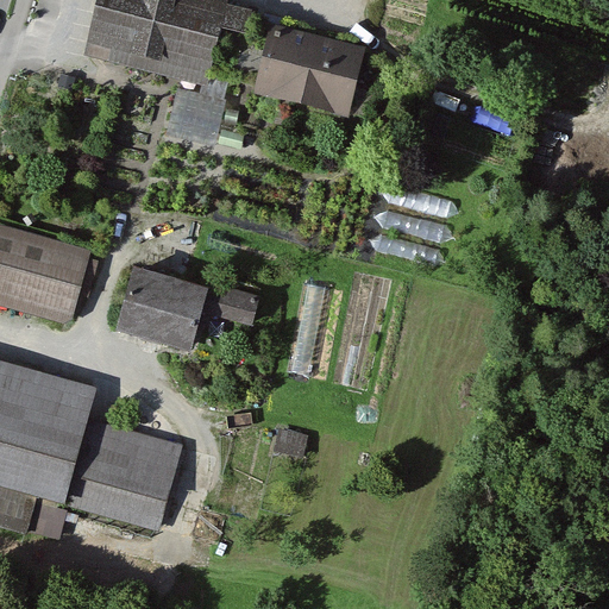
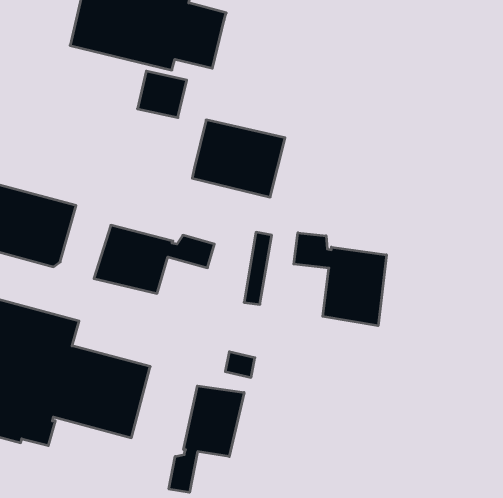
building: [253,24,365,117] -> [192,120,285,197]
building: none -> [294,233,386,326]
building: none -> [169,386,244,492]

